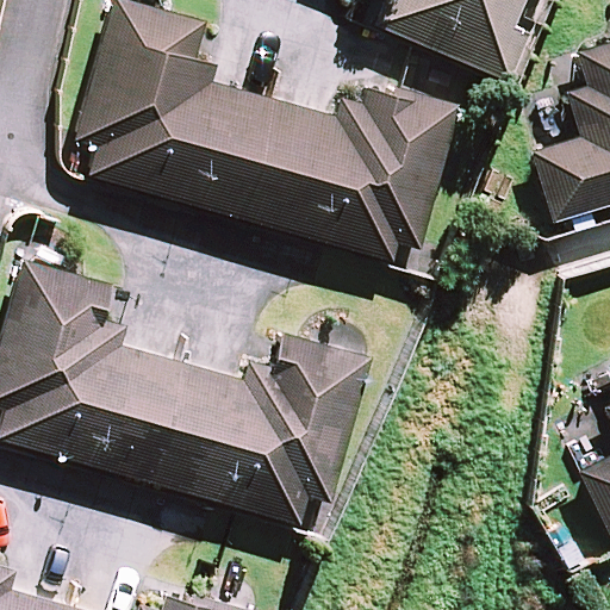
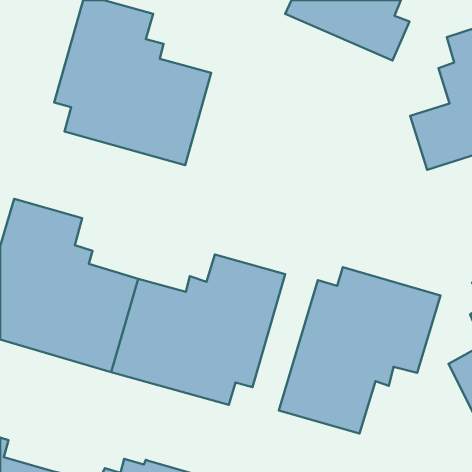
building: [243,87,456,259] -> none
building: none -> [279,267,440,434]

